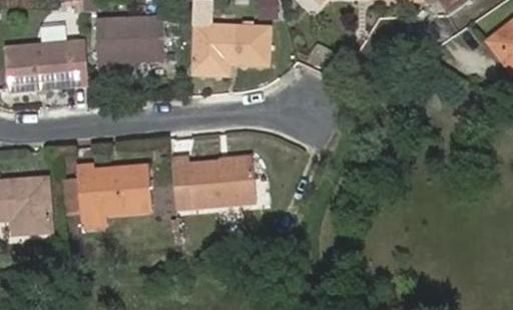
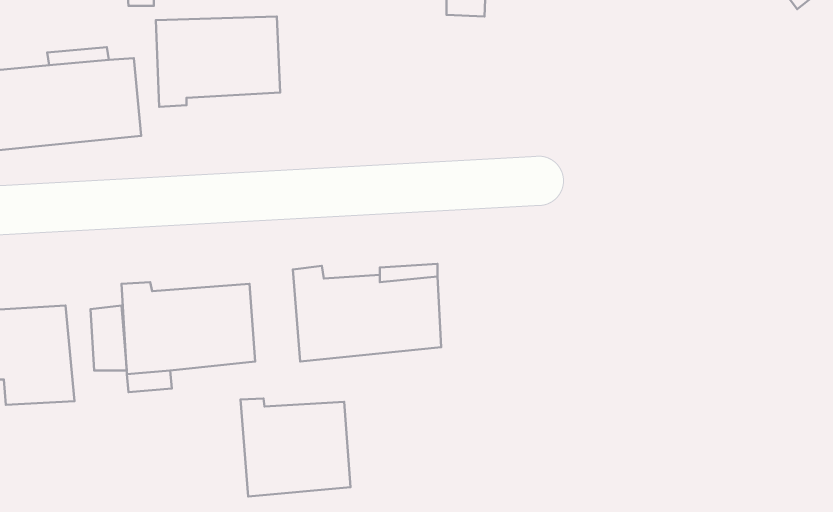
building: [190,24,269,73] -> none
building: none -> [241,398,350,497]

